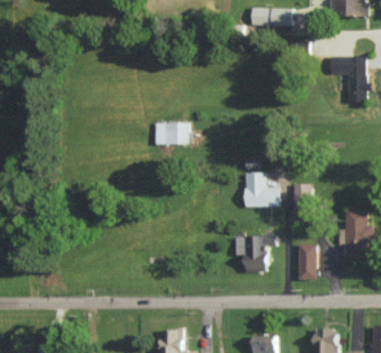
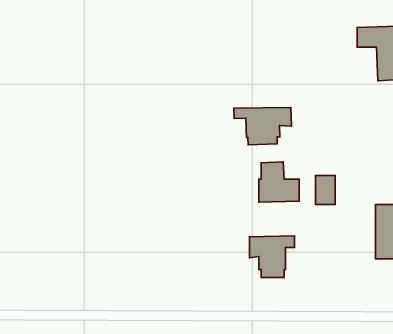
building: [153,122,189,144] -> none
building: none -> [234,108,291,145]
building: [299,245,316,280] -> none

